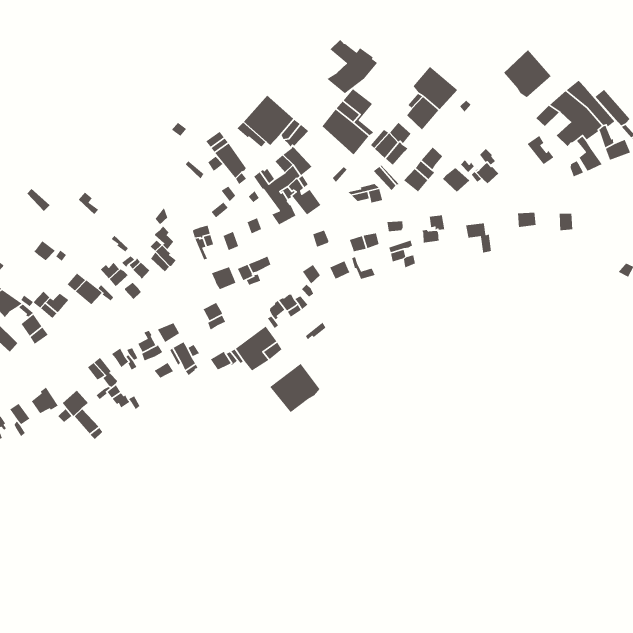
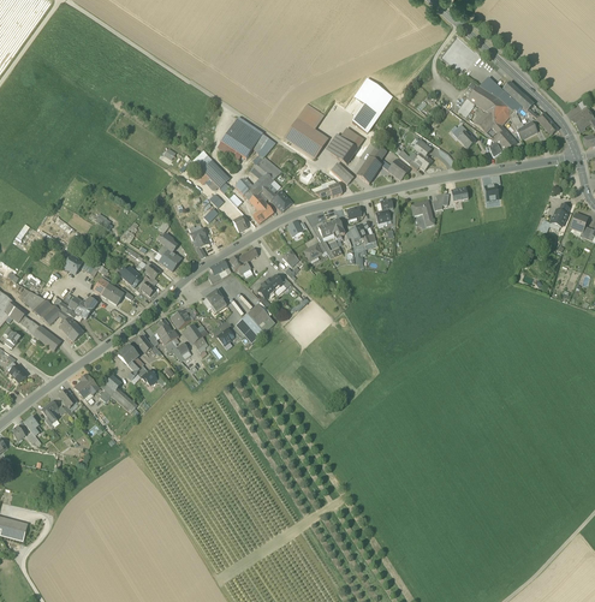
building: [326,39,378,94] -> none
building: [503,49,552,98] -> none
building: [269,363,321,413] -> none

